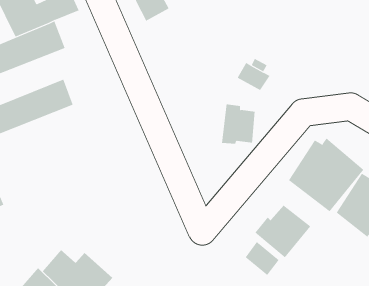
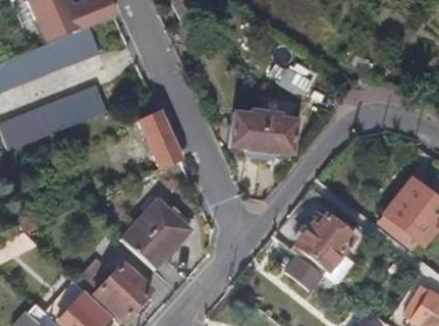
building: none -> [135,101,183,169]
building: none -> [230,108,267,151]
building: [288,137,364,212] -> none
building: none -> [121,198,190,269]

